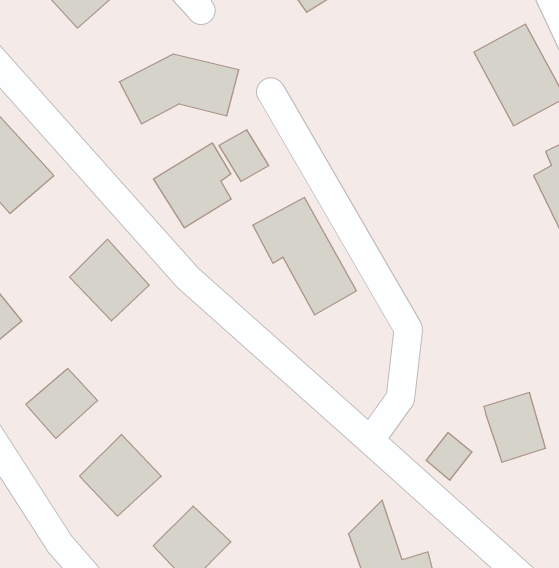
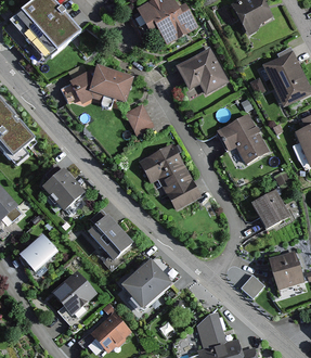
building: none -> [173,47,225,94]
building: none -> [216,113,267,161]
building: [153,143,231,228] -> none
building: none -> [251,191,288,229]
building: none -> [87,217,132,264]
building: none -> [125,257,176,308]

